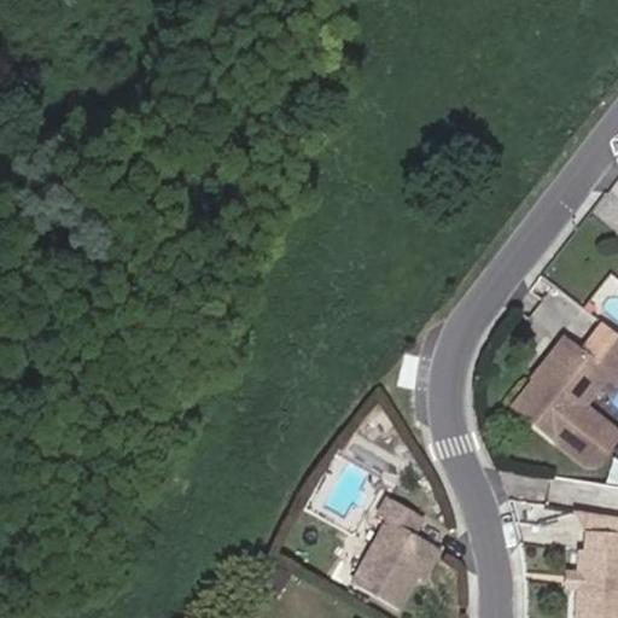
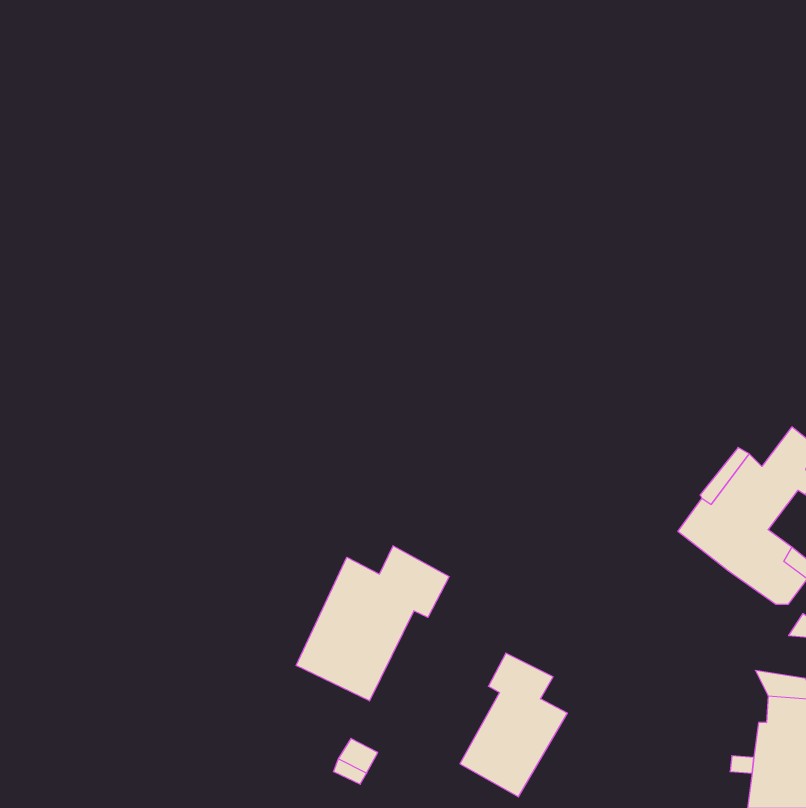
building: none -> [296,546,449,701]

